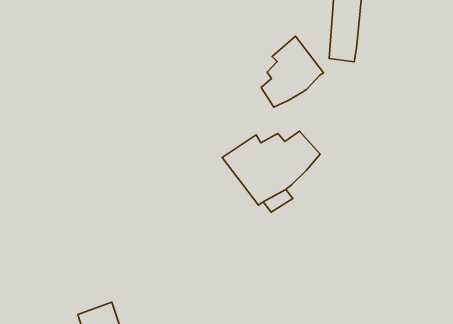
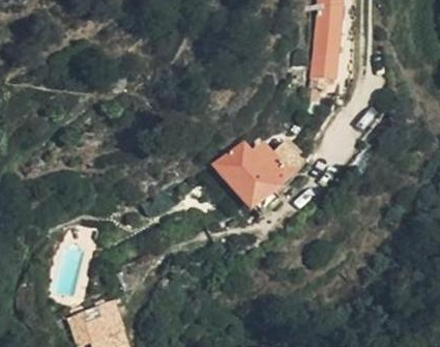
building: [261,36,323,107] -> none

